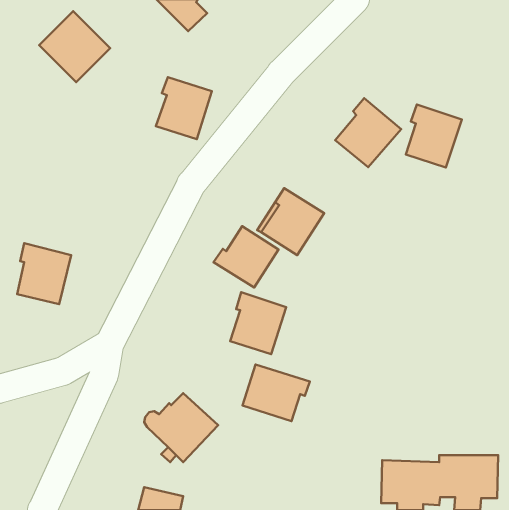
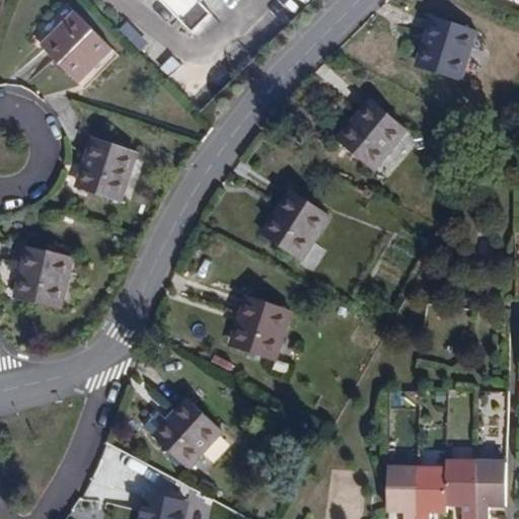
building: [156,77,212,139] -> [79,138,136,201]
building: [406,105,462,168] -> [420,16,476,80]
building: [214,226,278,287] -> none
building: [242,365,310,421] -> none

